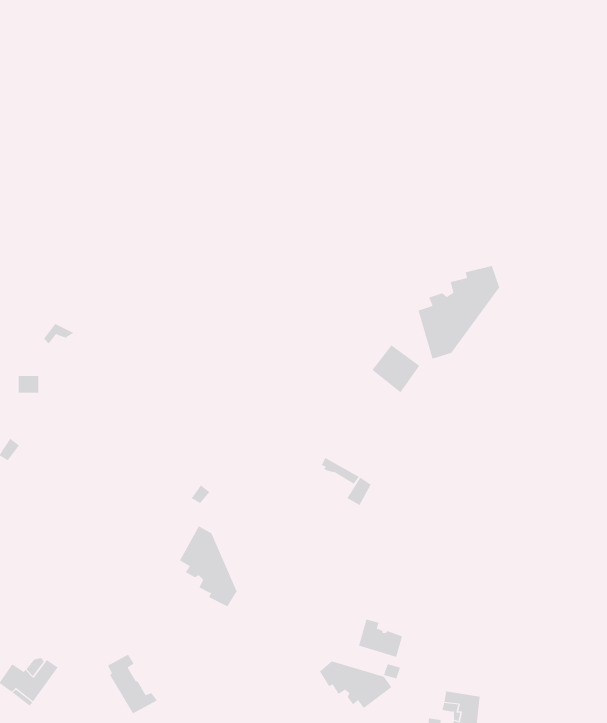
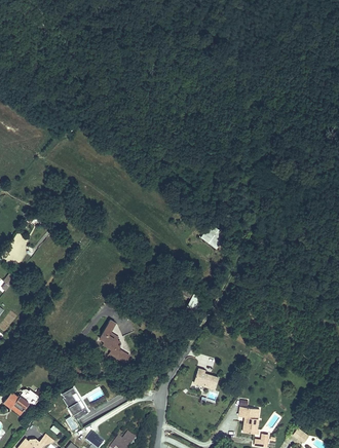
building: [418,265,500,359] -> none
building: [319,661,392,709] -> none

